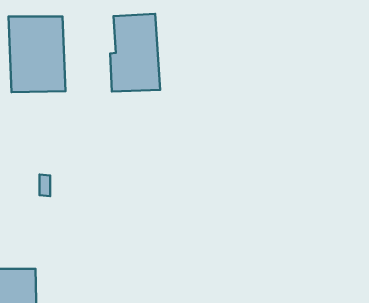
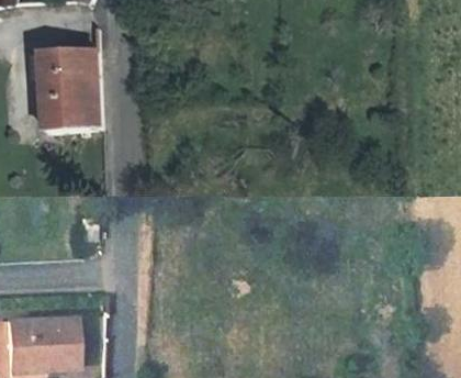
building: [110,14,160,92] -> none

